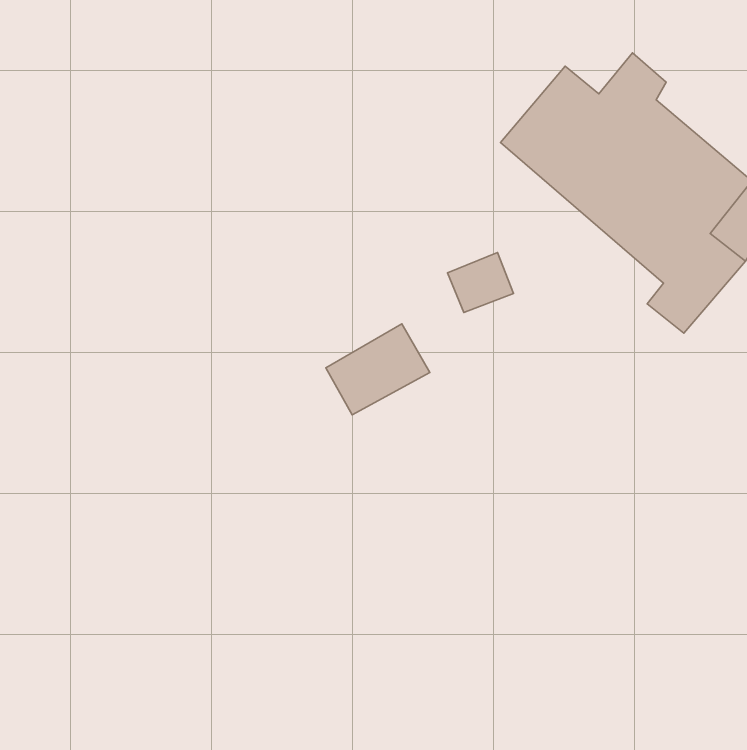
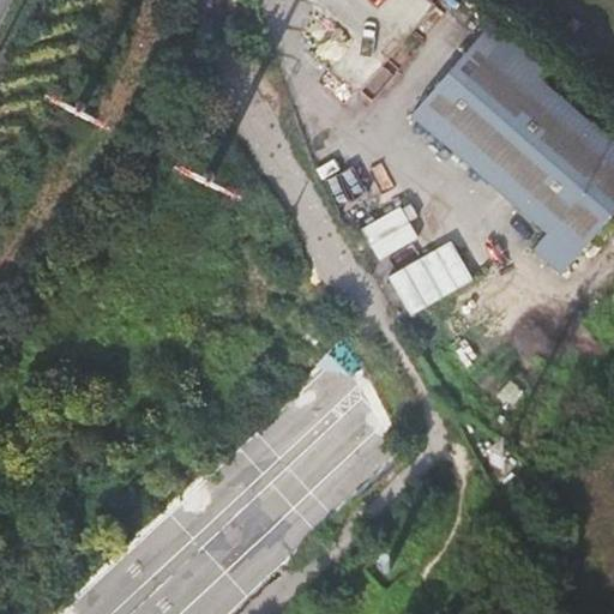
building: none -> [464,20,519,77]
building: [326,324,430,415] -> [393,237,478,312]

